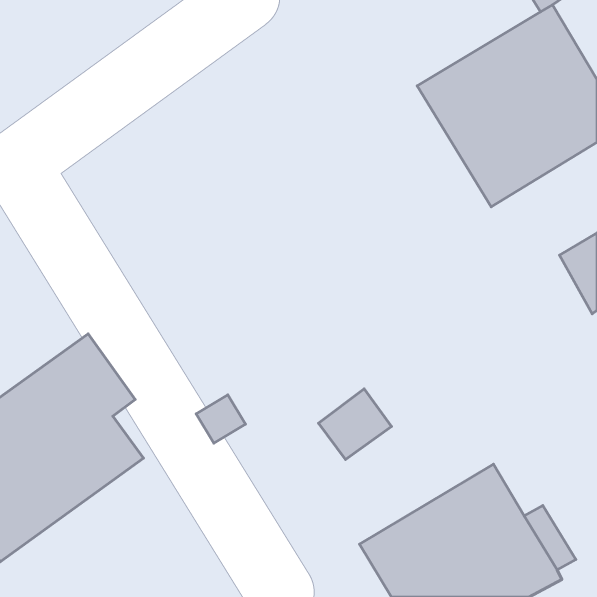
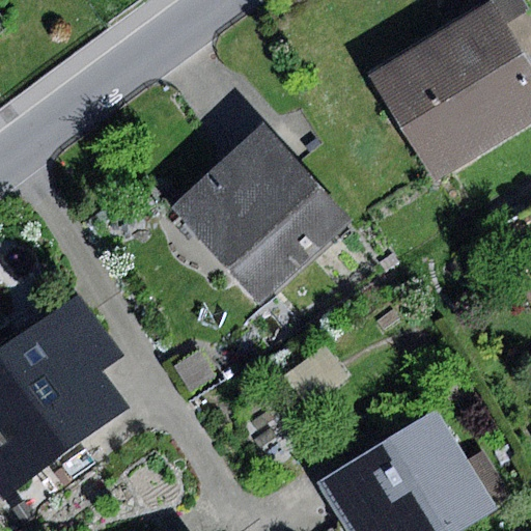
building: none -> [170,123,350,303]

